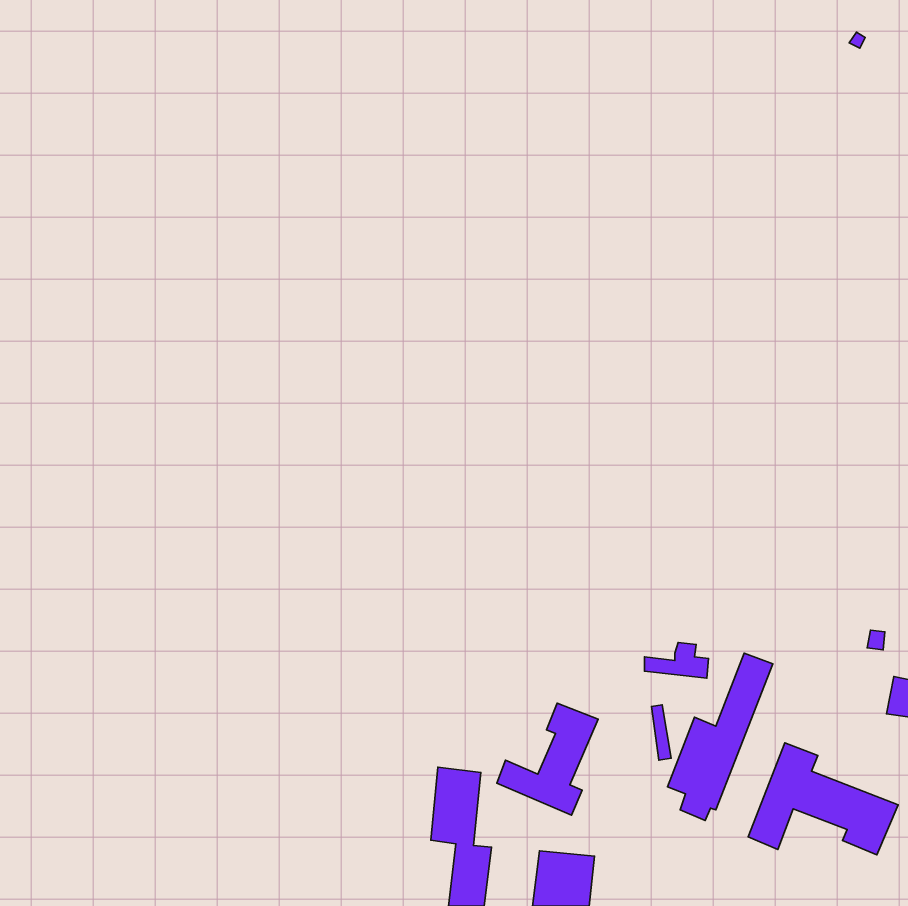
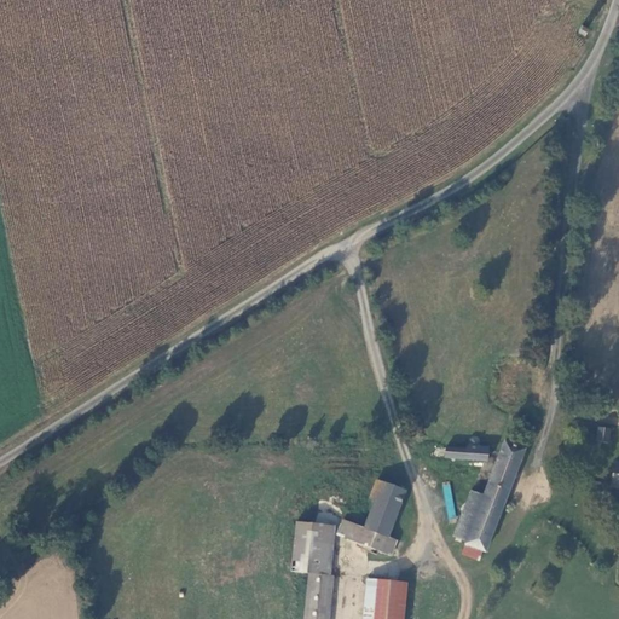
building: [748,743,898,855] -> none

